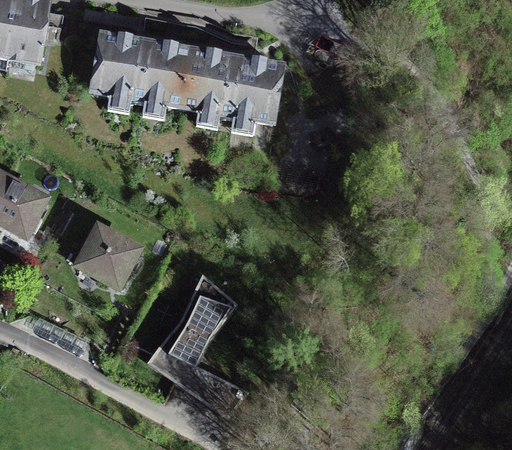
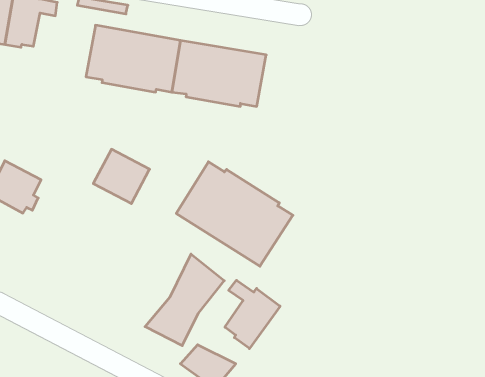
building: none -> [176,162,293,266]
building: [79,228,138,285] -> [93,149,150,204]
building: none -> [225,280,280,349]

